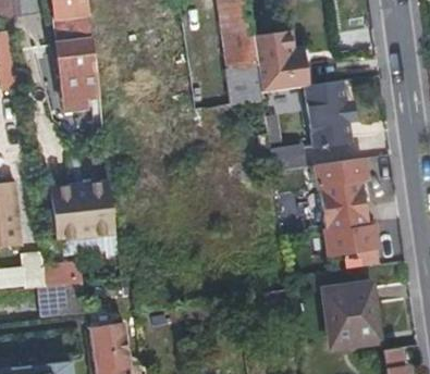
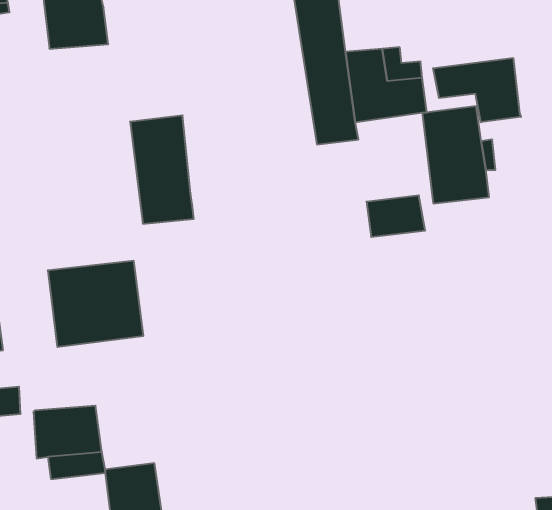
building: [57,41,100,115] -> [130,115,194,224]
building: none -> [433,58,521,122]
building: [316,154,381,264] -> none
building: [321,283,380,339] -> none

